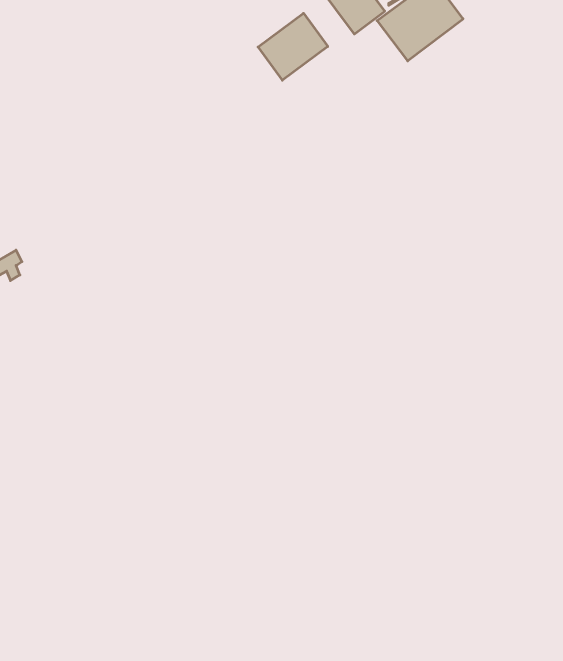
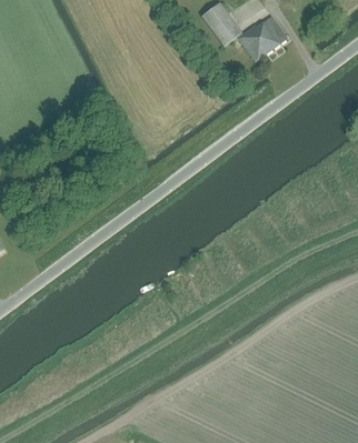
building: [258,13,328,80] -> none

